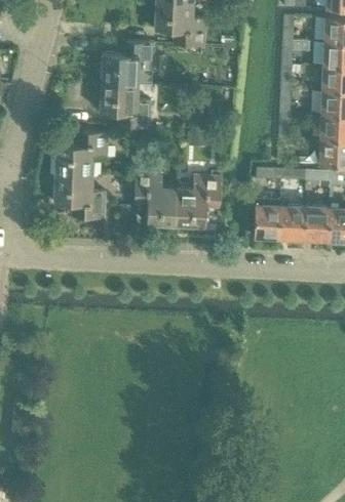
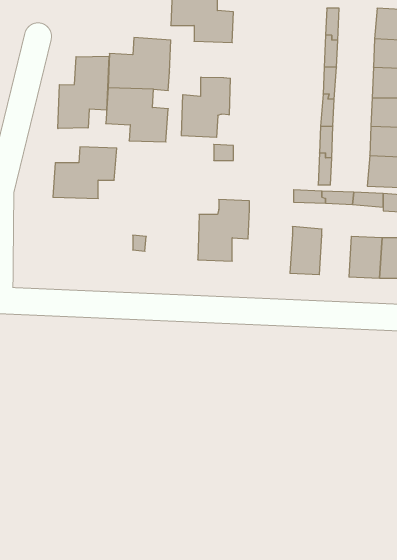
building: none -> [58,56,109,129]
building: none -> [181,77,230,137]
building: [53,172,105,216] -> none
building: [133,172,177,224] -> none
building: [277,204,304,239] -> none

